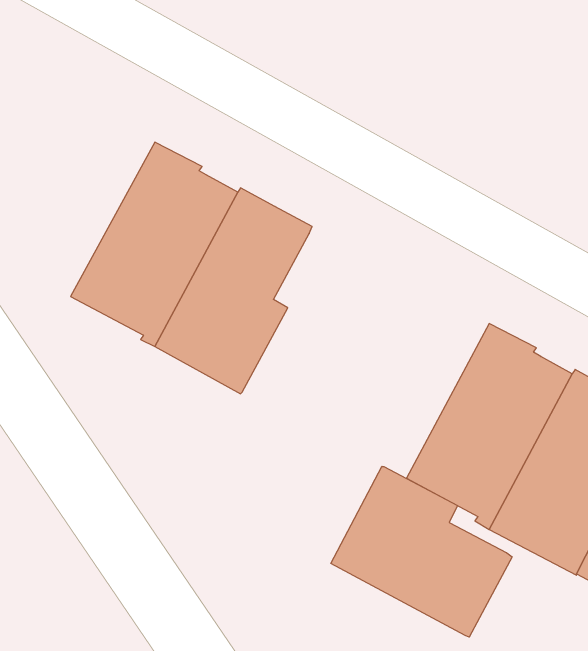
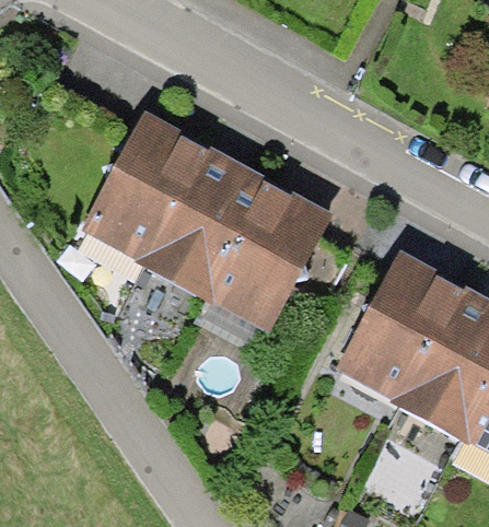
building: none -> [212,181,334,332]
building: [331,466,512,637] -> none

